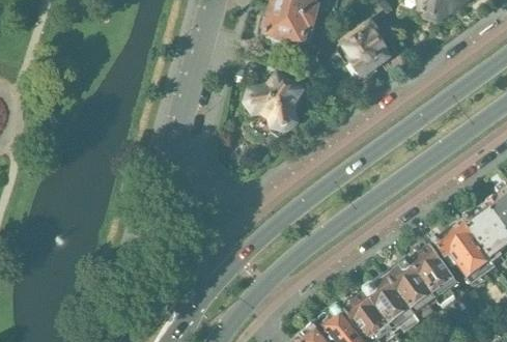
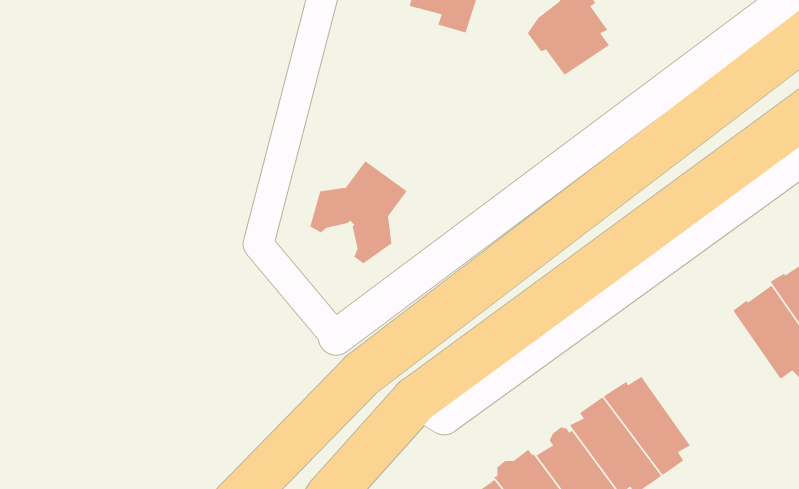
building: [246,70,306,134] -> [309,161,407,264]
building: [433,220,497,282] -> none
building: [410,246,459,304] -> none

